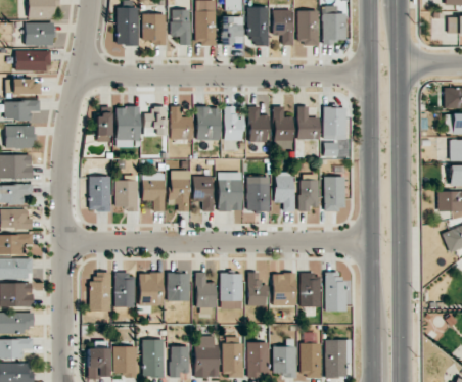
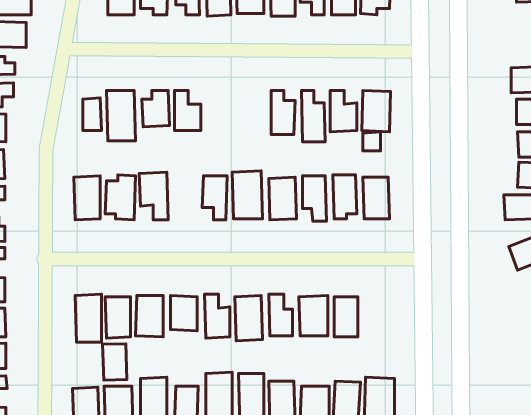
building: [196,106,220,140] -> none
building: [224,106,243,140] -> none
building: [171,170,191,210] -> none
building: [325,272,346,312] -> none
building: none -> [102,344,127,380]

